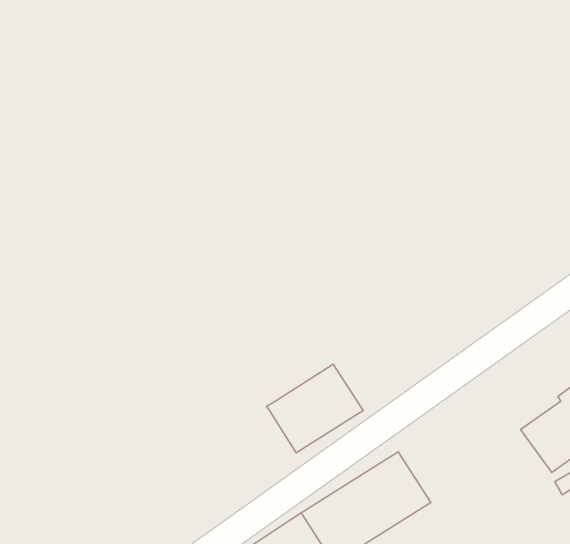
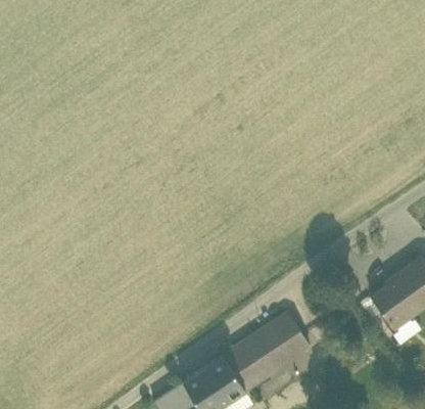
building: [266,364,363,453] -> none

